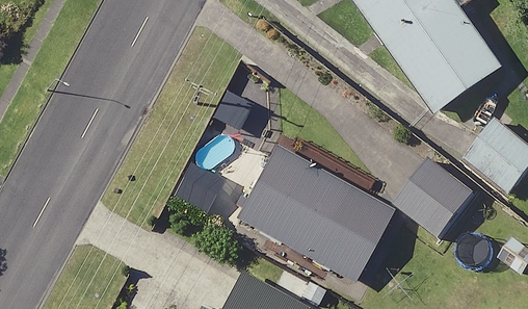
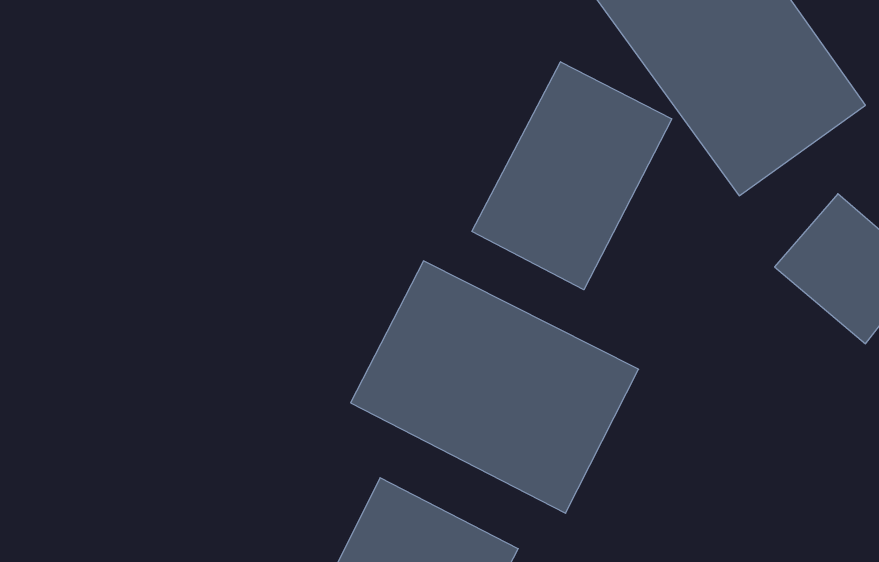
building: none -> [472,62,672,290]
building: [393,157,476,239] -> none

